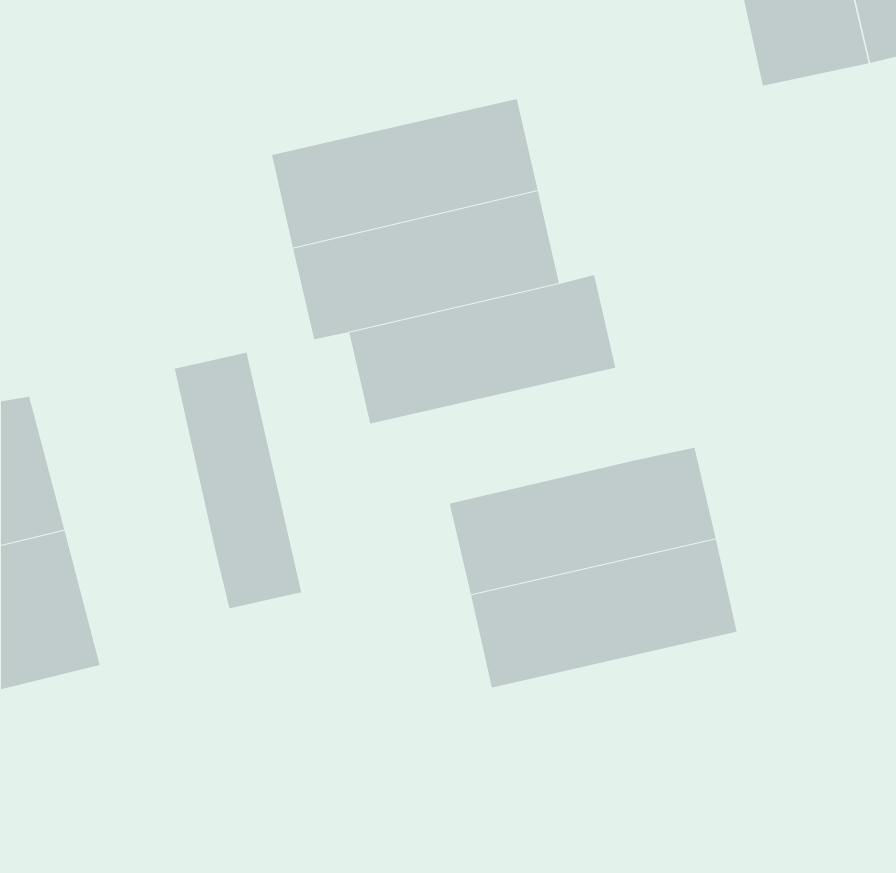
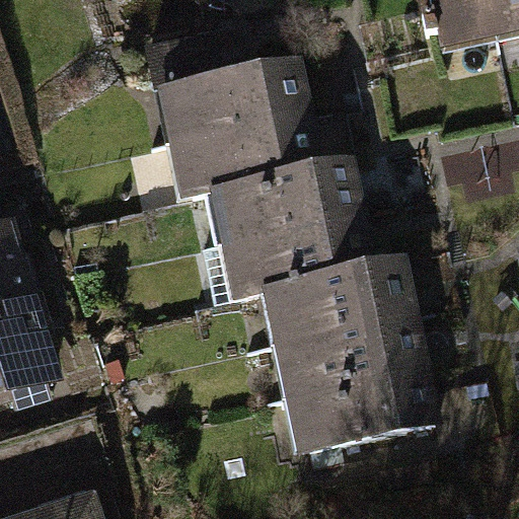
building: [174,352,302,609] -> none
building: none -> [215,212,369,298]
building: none -> [285,364,439,449]

